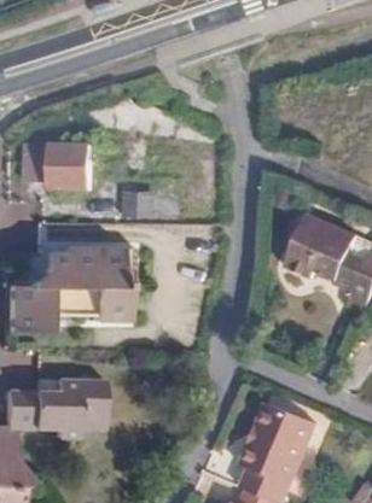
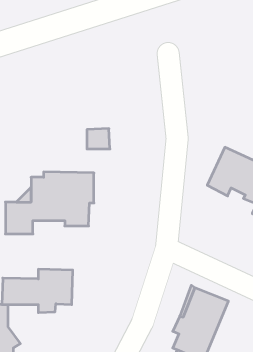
building: [25,145,91,192] -> none

